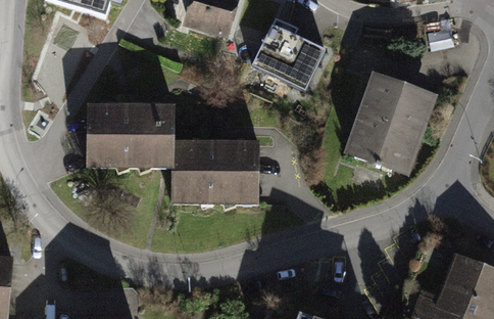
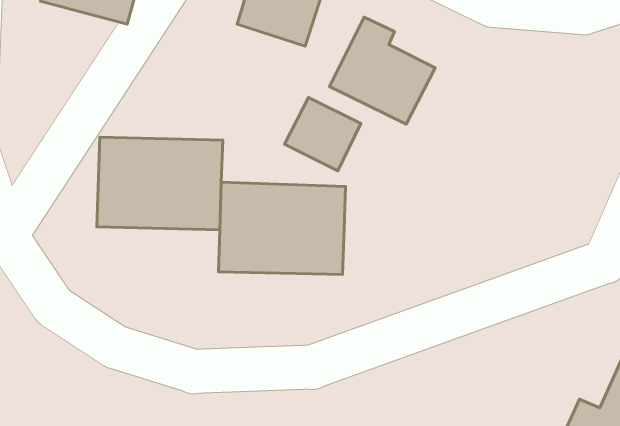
building: none -> [285,98,361,171]
building: [347,76,431,174] -> none

